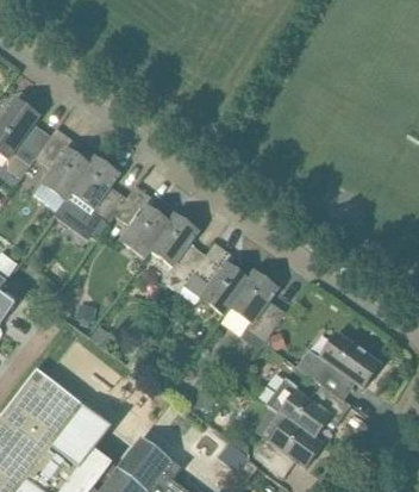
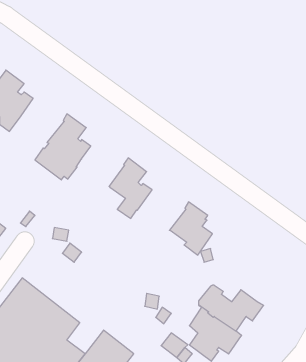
building: [35,127,90,200] -> none
building: [113,185,169,257] -> none
building: [193,242,249,314] -> none
building: [295,332,380,399] -> none

